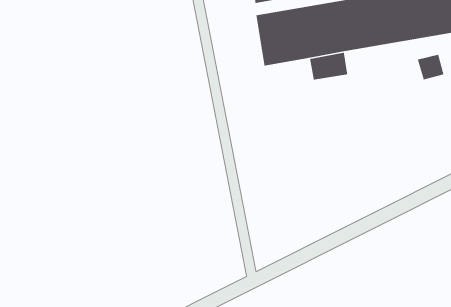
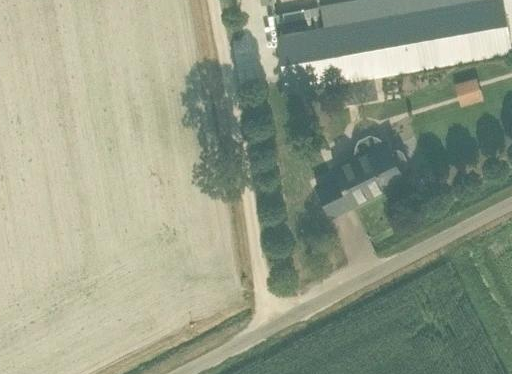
building: none -> [318,128,407,210]

